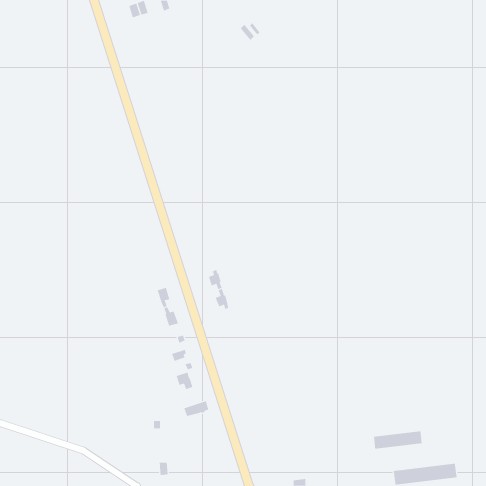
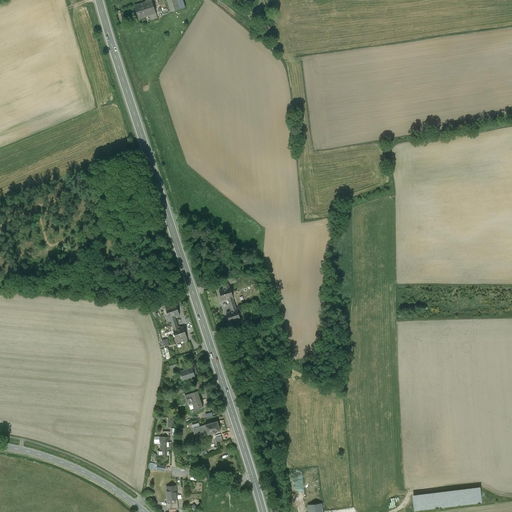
building: [373,430,422,449] -> none

